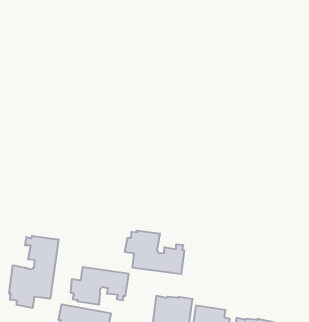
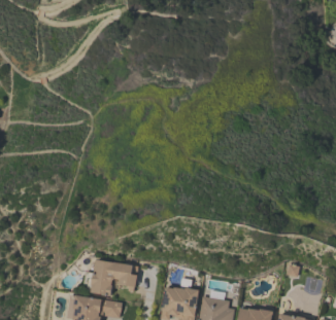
building: [125,231,184,274] -> none
building: [9,236,59,308] -> none

